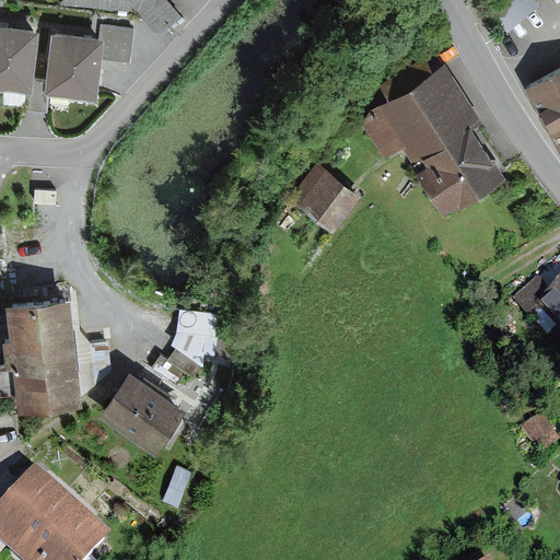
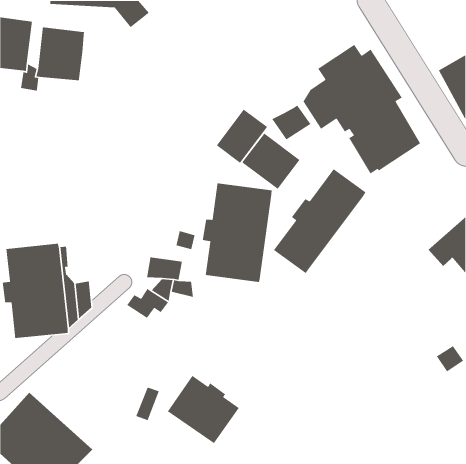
building: [97,27,135,69] -> none
building: none -> [271,104,312,141]
building: none -> [216,109,268,164]
building: none -> [273,168,367,274]
building: none -> [202,182,272,283]
building: [98,370,186,453] -> [167,375,240,444]

